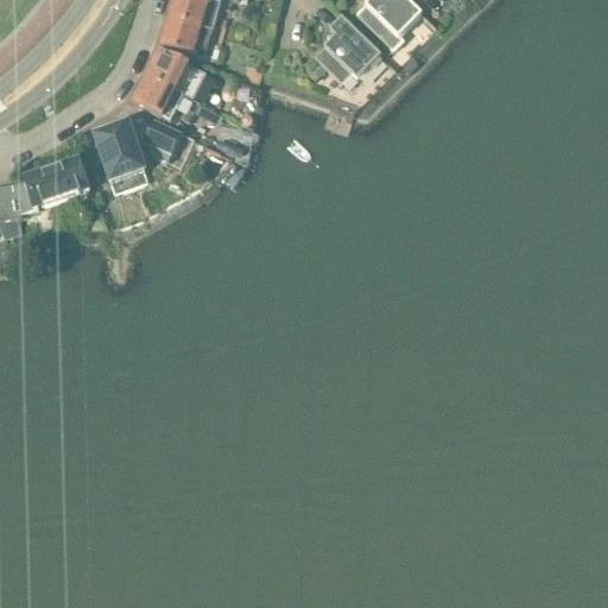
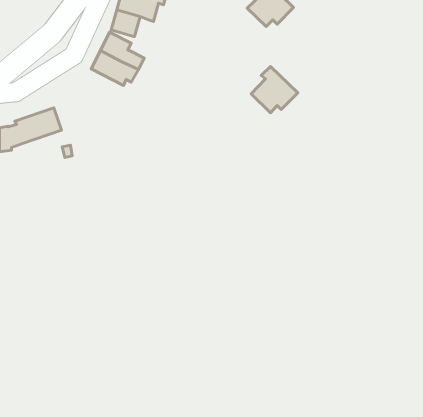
building: [314,14,380,81] -> [251,66,298,113]
building: [142,118,180,159] -> none
building: [93,120,144,179] -> none

